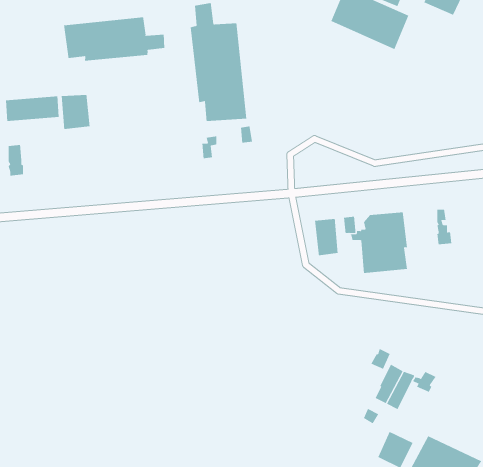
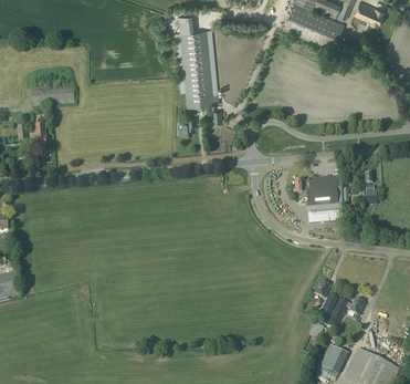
building: [63,17,165,62] -> none
building: [61,94,90,130] -> none
building: [314,218,338,256] -> none

